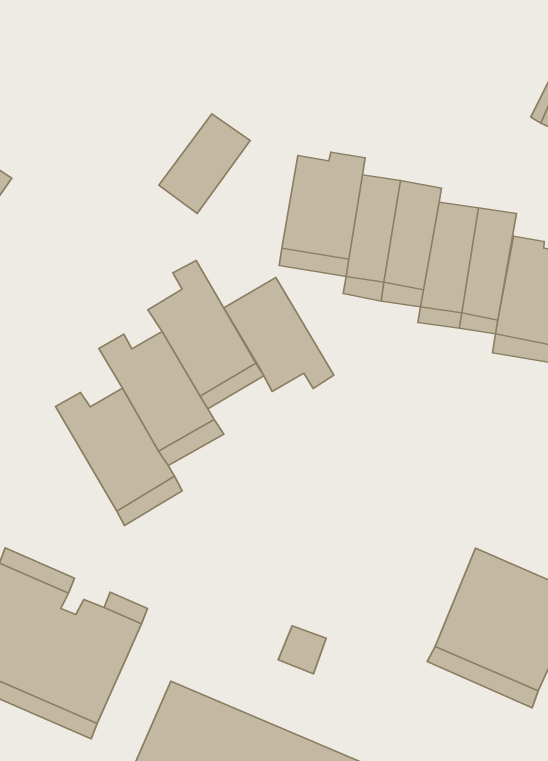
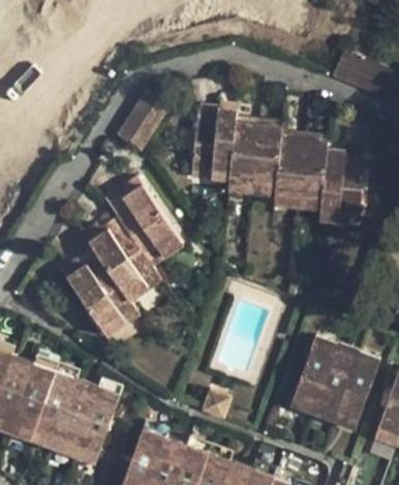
building: [224,277,334,392] -> none

